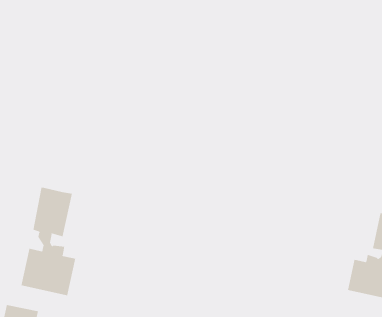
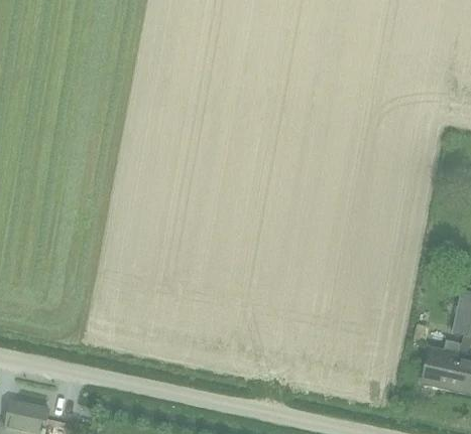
building: [21,187,76,296] -> none

